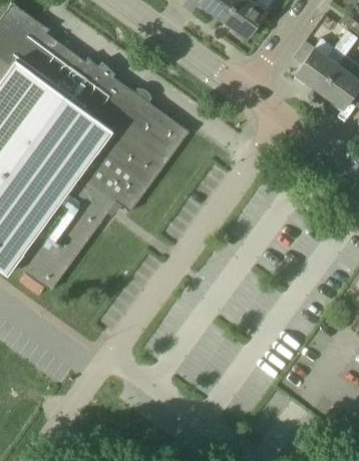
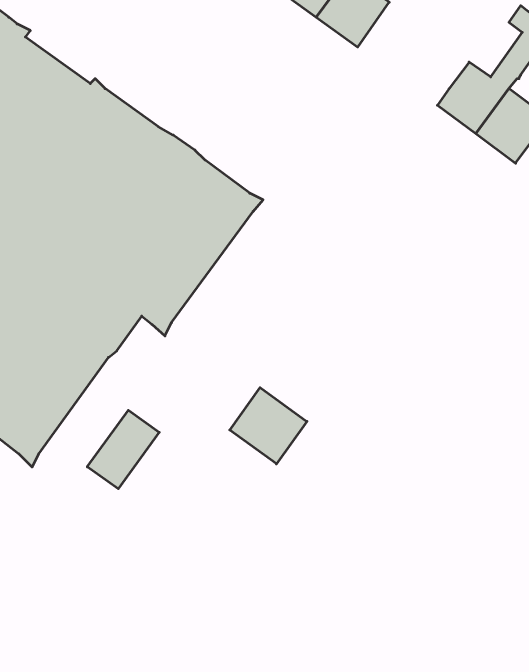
building: none -> [230,388,307,464]
building: none -> [87,410,159,489]

